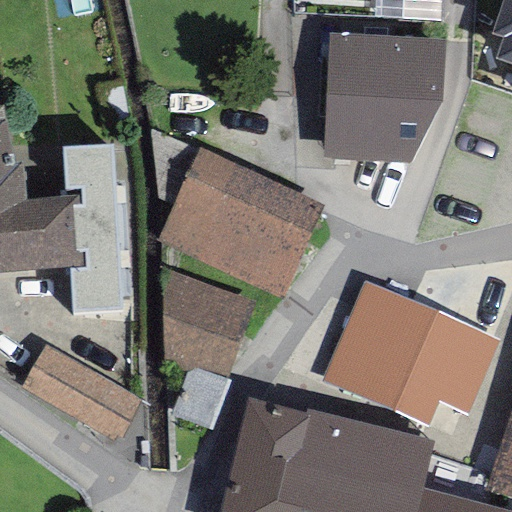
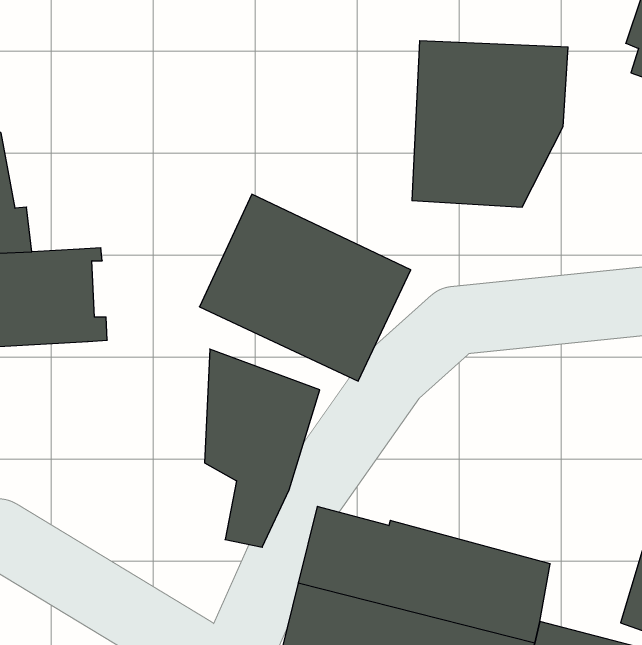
building: [62,144,122,312] -> none
building: [323,282,499,425] -> none
building: [24,347,141,440] -> none

